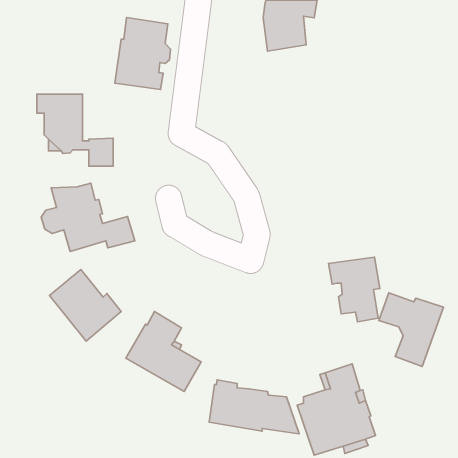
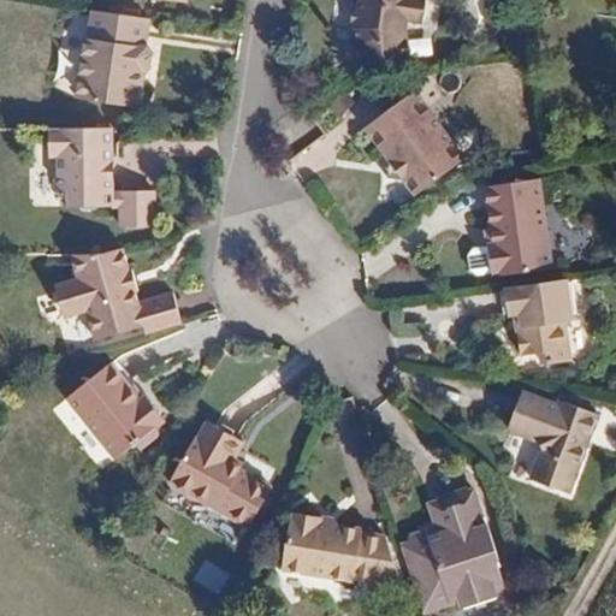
building: [115,18,170,89] -> [77,8,152,105]
building: none -> [363,90,463,196]
building: none -> [466,178,550,274]
building: [329,257,380,322] -> [503,279,571,366]

